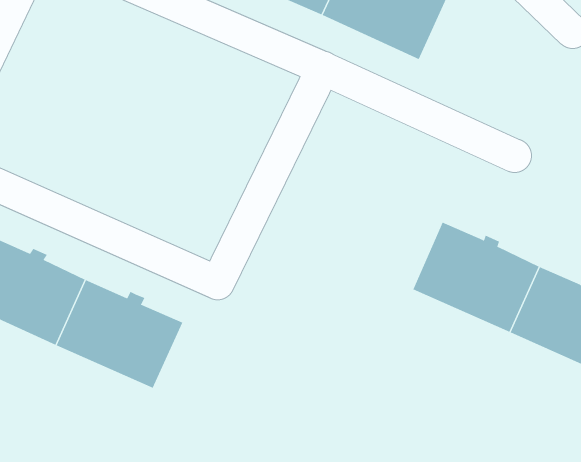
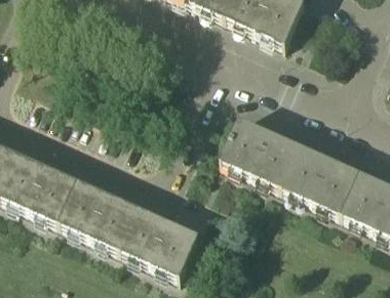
building: none -> [220,117,299,186]
building: none -> [119,207,198,275]

